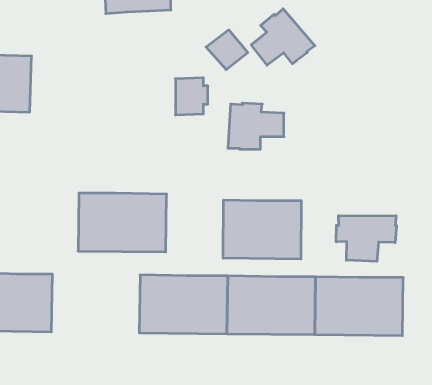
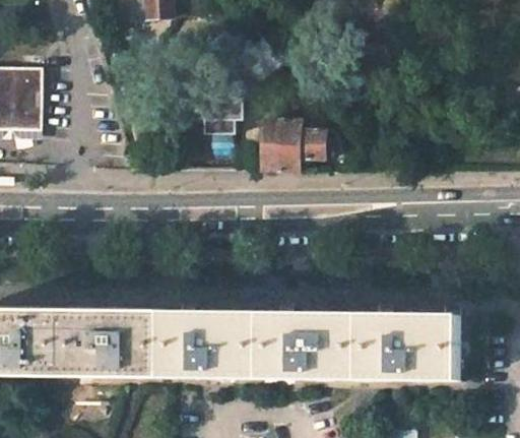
building: [251,9,315,65] -> none
building: [78,193,167,252] -> [64,310,164,376]
building: [223,200,301,259] -> none
building: [336,216,396,261] -> none

